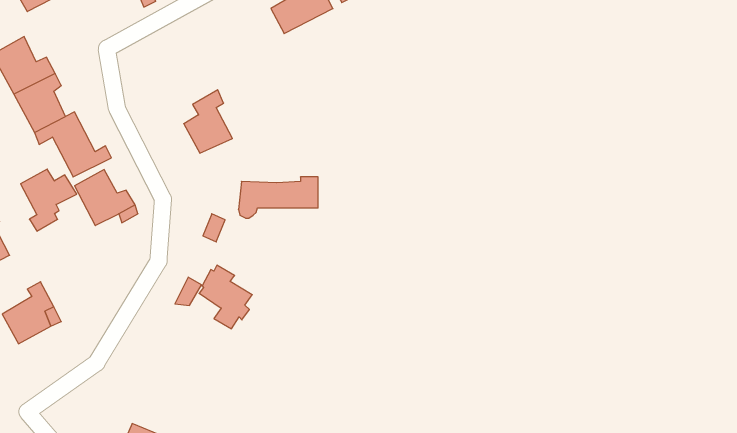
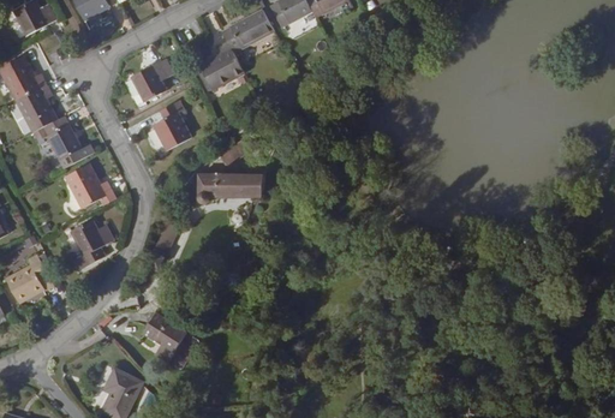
building: none -> [203,48,245,90]
building: none -> [131,55,175,100]
building: [21,169,77,231] -> [71,219,117,269]
building: [199,265,252,329] -> [144,313,187,365]

